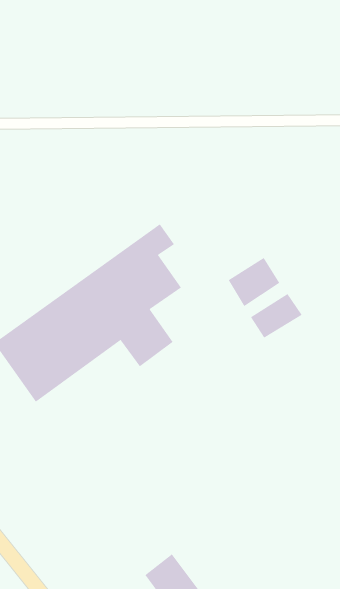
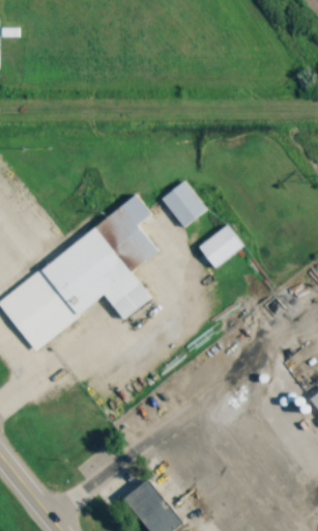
building: none -> [161,180,205,227]
building: [250,293,303,338] -> none

